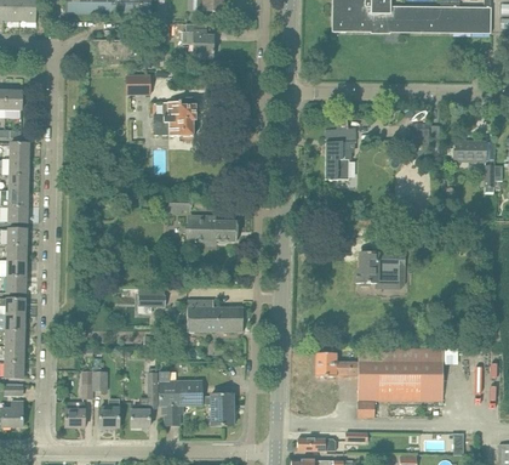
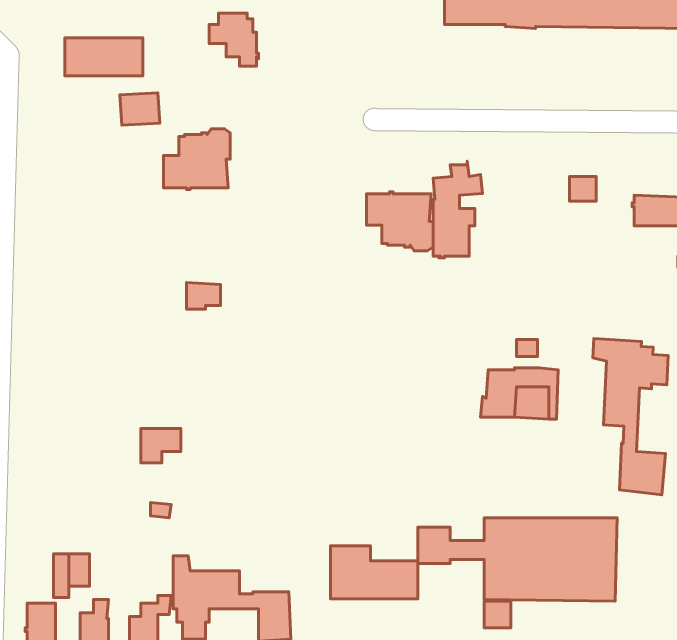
building: none -> [367,192,433,251]
building: [185,215,236,243] -> none
building: none -> [593,338,668,495]
building: [187,296,242,330] -> [331,546,418,599]

